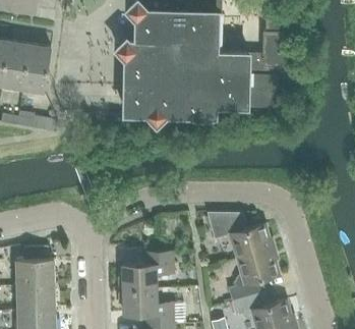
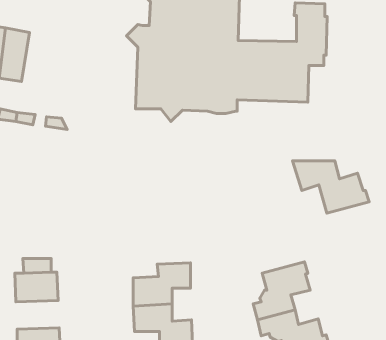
building: [21,46,50,93] -> none
building: [205,214,274,261] -> [293,161,369,213]
building: [16,285,55,311] -> none

